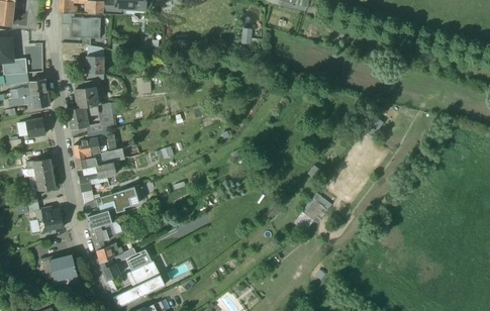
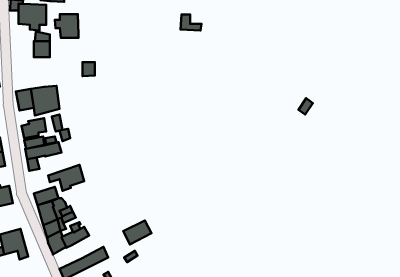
building: none -> [55,14,79,38]
building: [74,80,97,107] -> none
building: [296,193,332,230] -> none
building: [129,261,160,286] -> [123,221,152,244]

